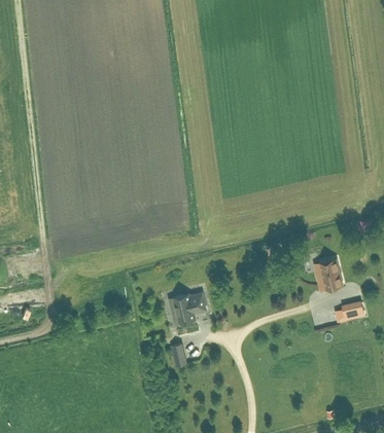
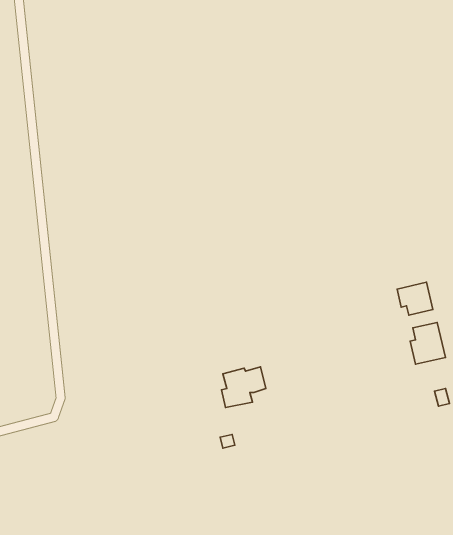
building: none -> [397,282,433,315]

